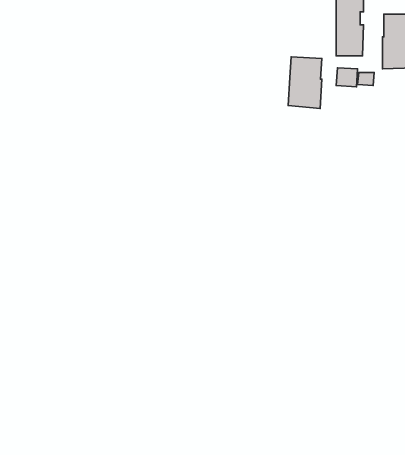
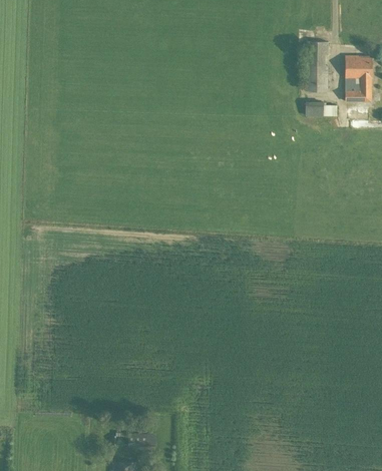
building: [288,57,322,109] -> none

